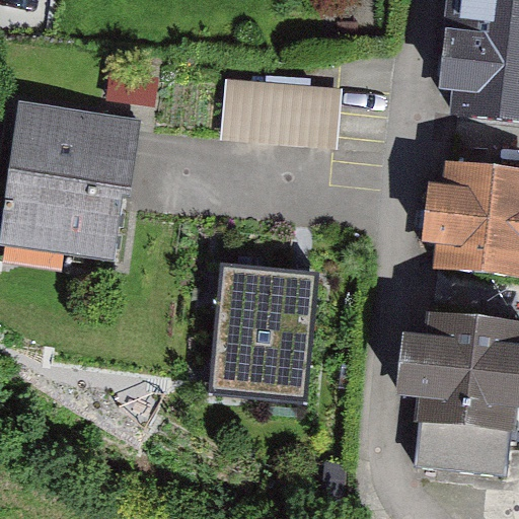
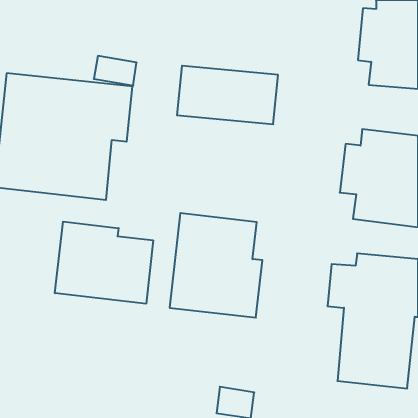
building: none -> [55,222,153,304]

